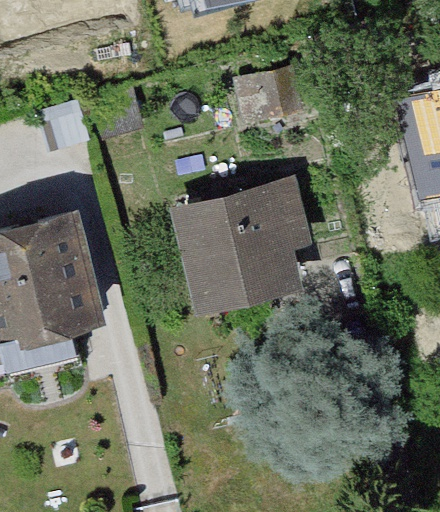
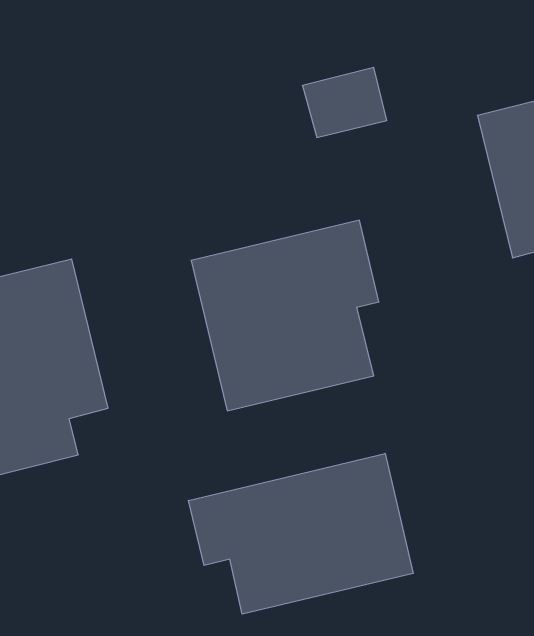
building: none -> [188,453,413,614]

